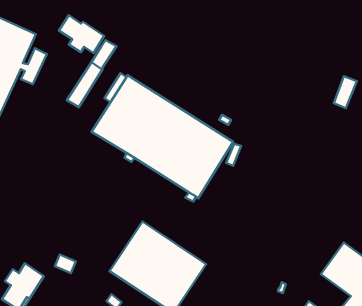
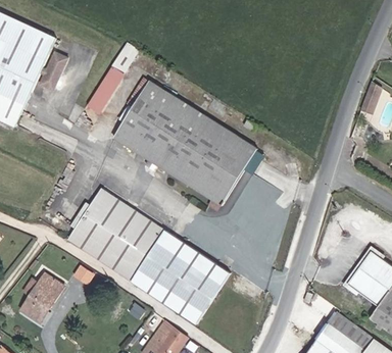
building: [59,15,104,53] -> none
building: none -> [67,188,164,281]

